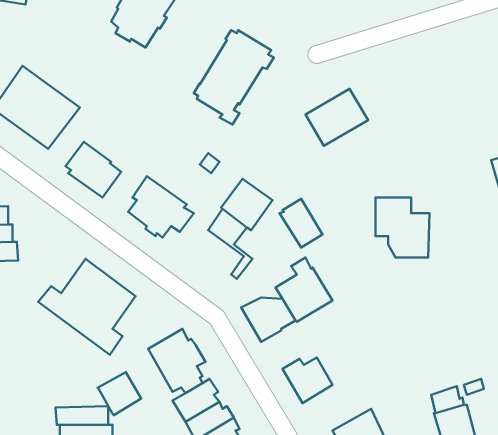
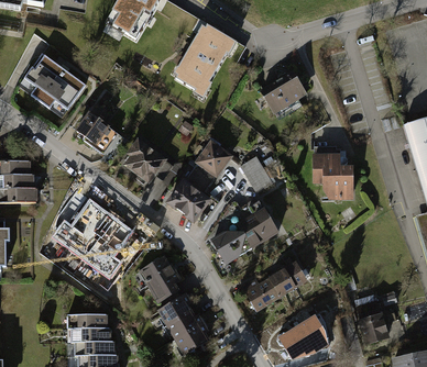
building: none -> [166,177,212,223]
building: none -> [269,259,309,297]
building: [98,372,141,415] -> none

